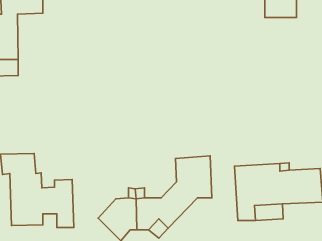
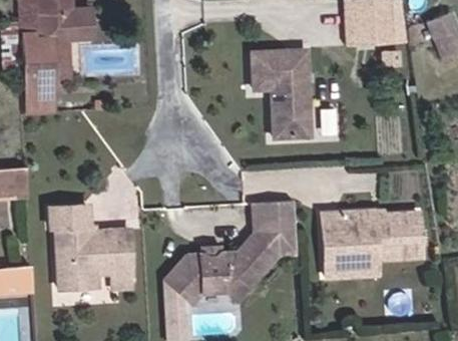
building: none -> [253,47,308,138]

